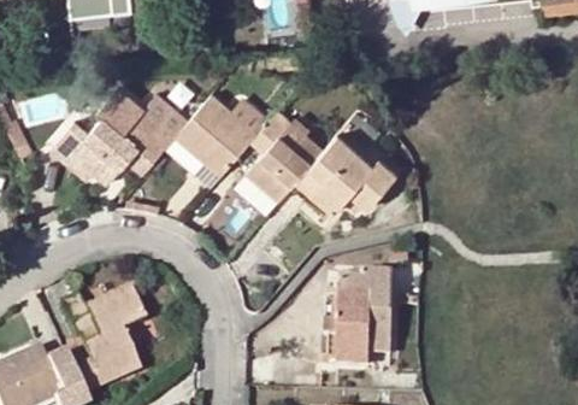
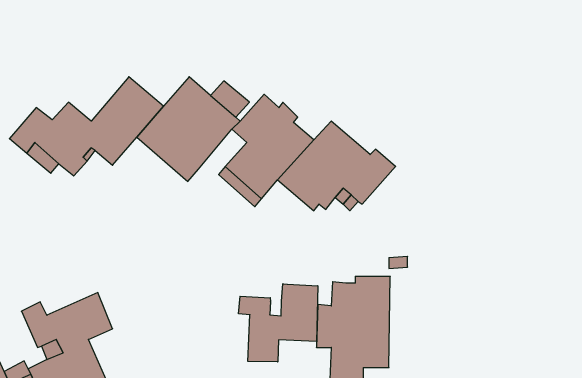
building: none -> [239,284,318,362]

